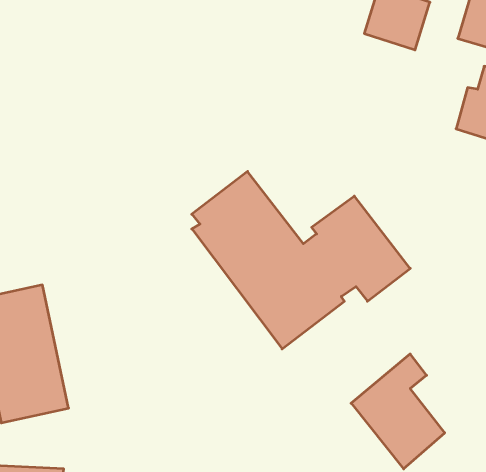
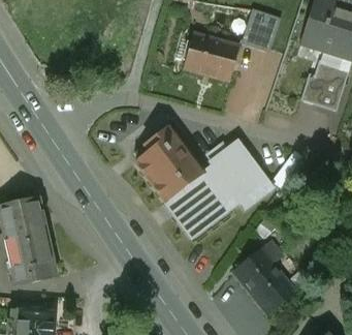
building: none -> [184,32,237,79]

